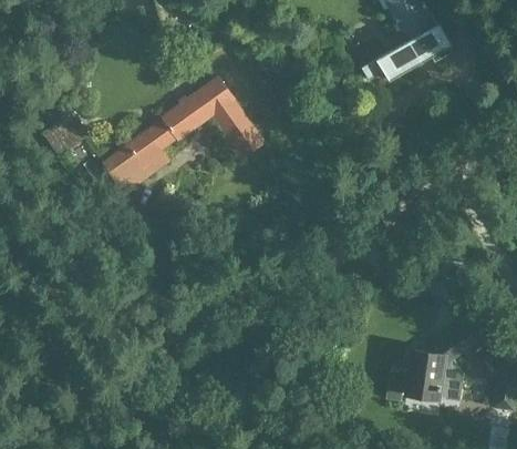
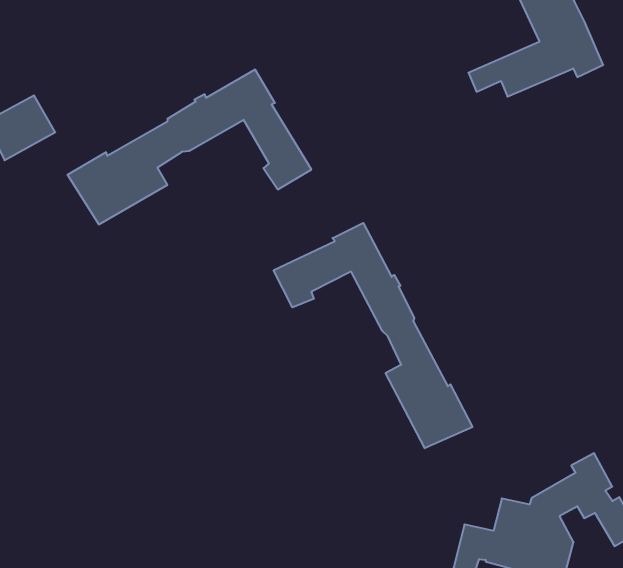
building: none -> [274,223,472,448]

